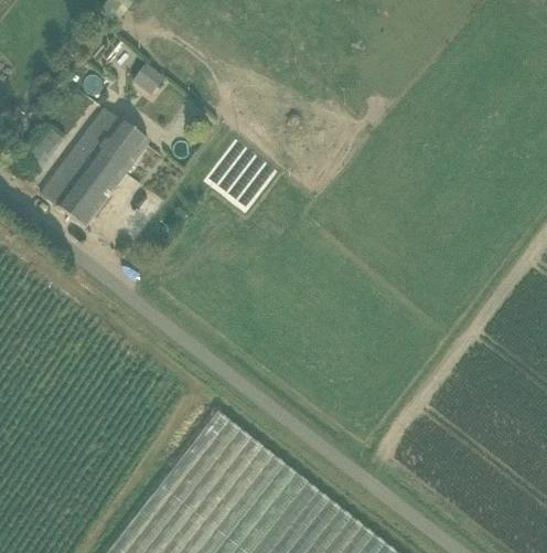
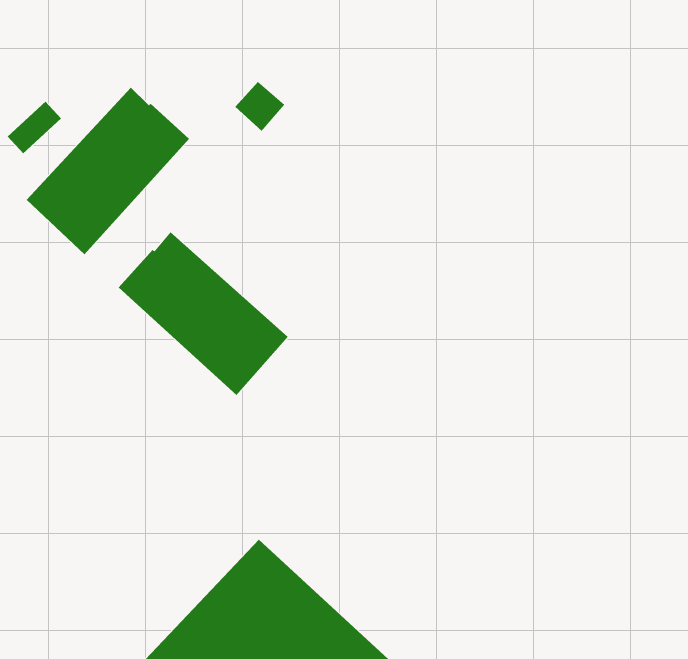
building: [128,64,162,98] -> [235,81,285,132]
building: none -> [118,232,289,396]

